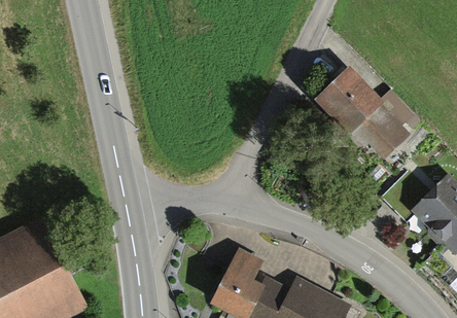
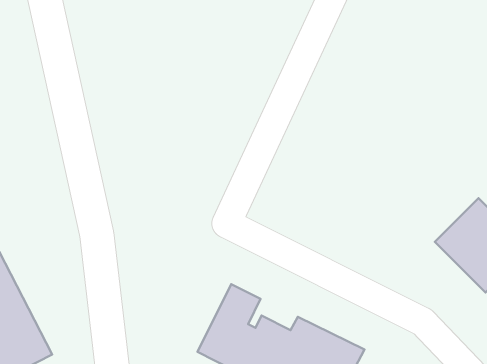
building: [315,69,412,155] -> none
building: [386,170,427,211] -> none

